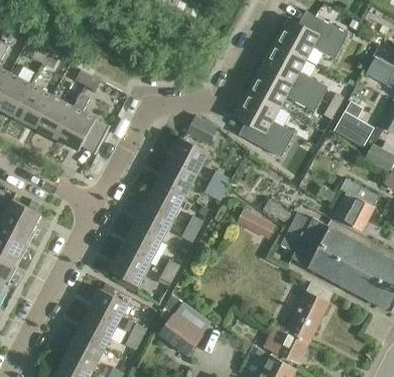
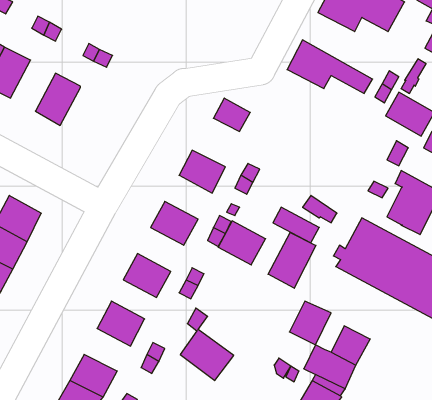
building: [262,43,327,100] -> none
building: [14,84,52,127] -> none
building: [235,92,294,157] -> none
building: [56,93,110,154] -> none
building: [168,137,209,174] -> none
building: [145,181,185,219] -> [218,221,266,265]
building: [122,226,161,263] -> none
building: none -> [268,233,316,288]
building: [297,283,333,321] -> [289,301,331,345]
building: [77,311,116,348] -> none

